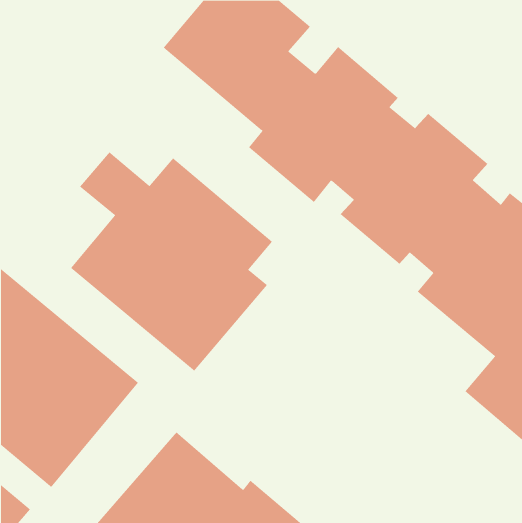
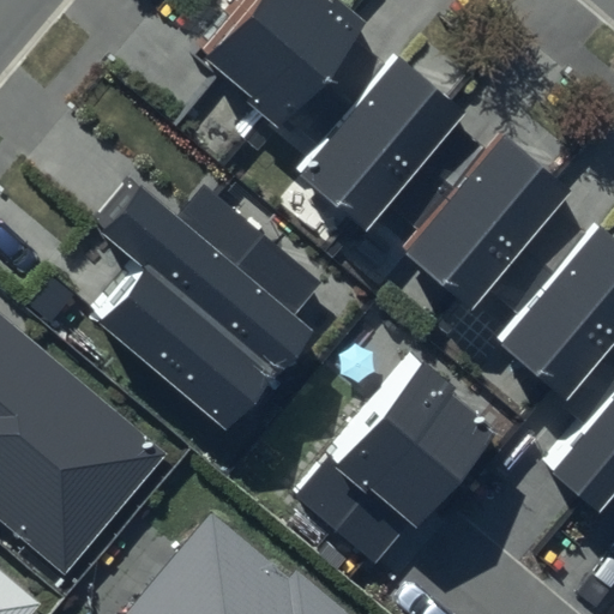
building: none -> [296,357,498,566]

